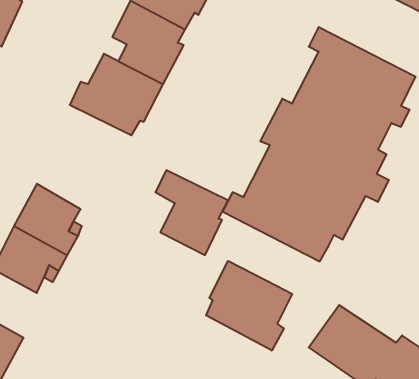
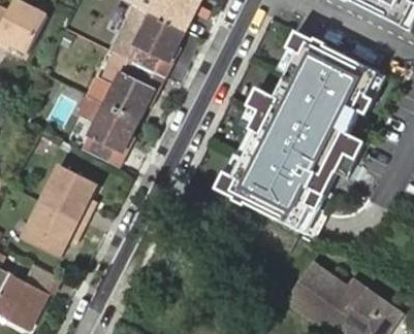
building: [155,170,228,255] -> [76,97,138,169]
building: [206,261,292,351] -> none

